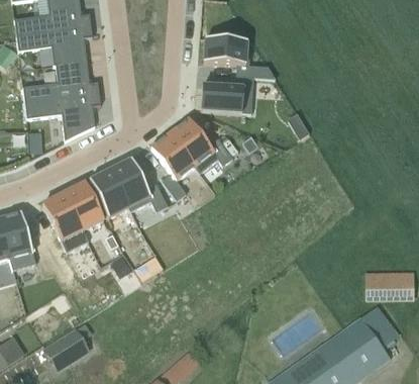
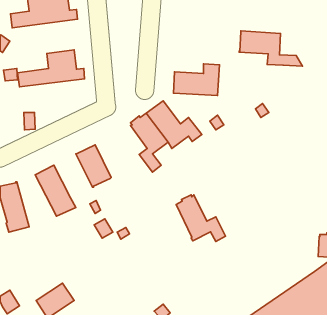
building: [16,25,93,66] -> none
building: [203,38,276,79] -> [239,31,302,66]
building: [24,94,101,141] -> none
building: [111,159,168,212] -> [176,195,225,242]
building: [64,183,104,230] -> none

